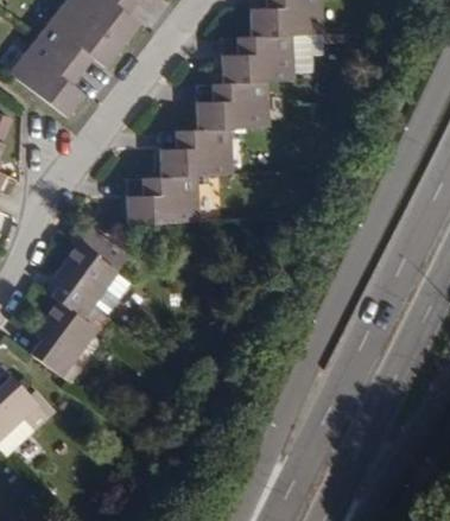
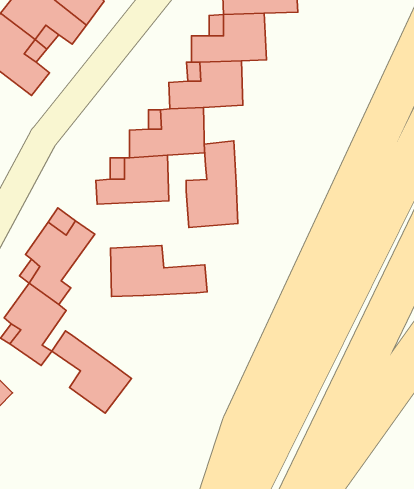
building: none -> [186,141,238,228]
building: none -> [110,245,207,297]
building: none -> [52,331,131,413]

